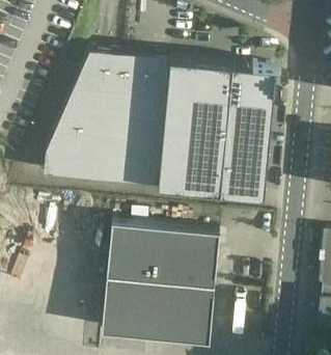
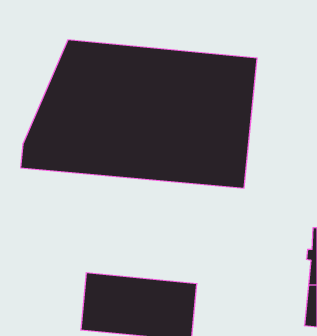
building: [106,222,218,288] -> none

